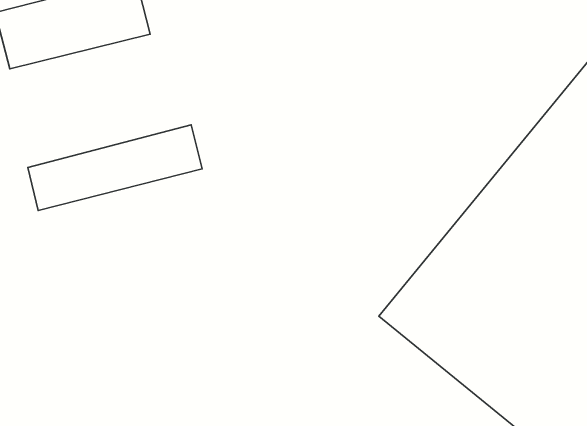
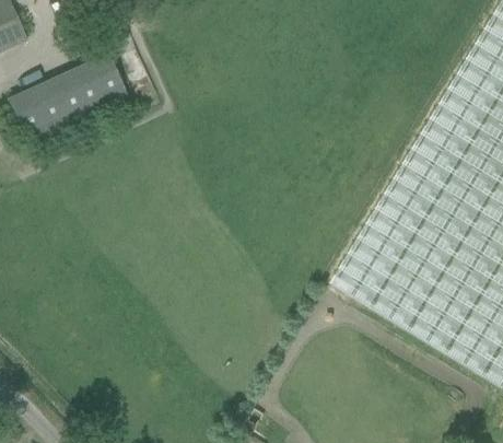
building: [28,125,202,211] -> none

